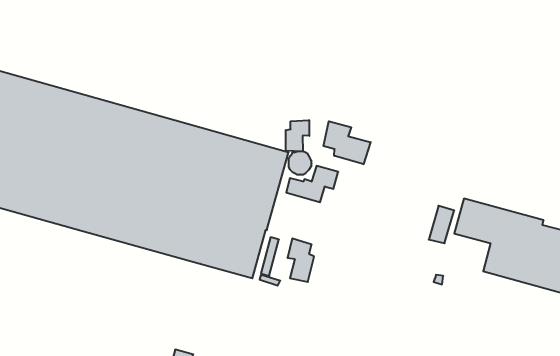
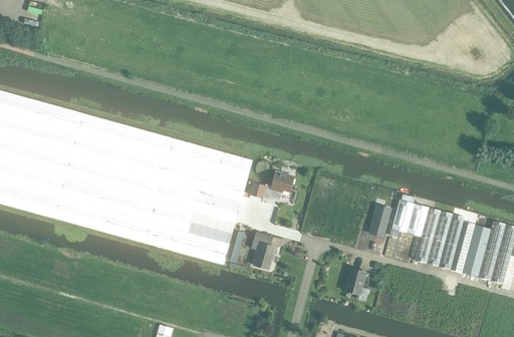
building: [286,120,309,151] -> none
building: [323,121,371,164] -> none
building: none -> [344,269,366,295]

